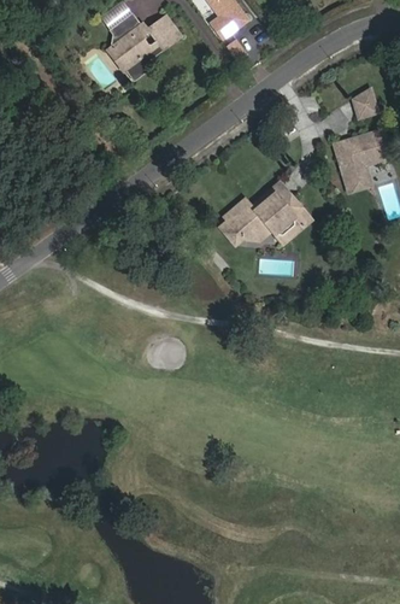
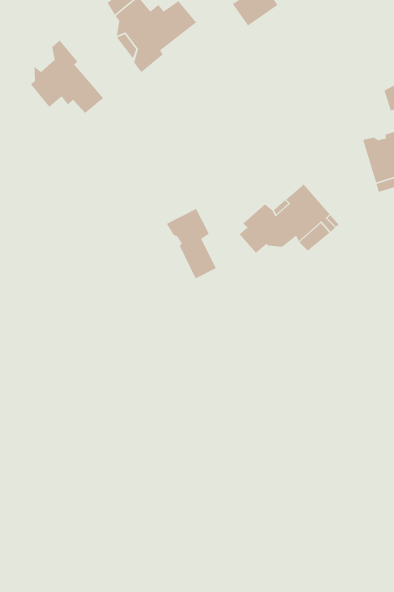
building: none -> [30,40,104,114]
building: none -> [166,208,217,279]

